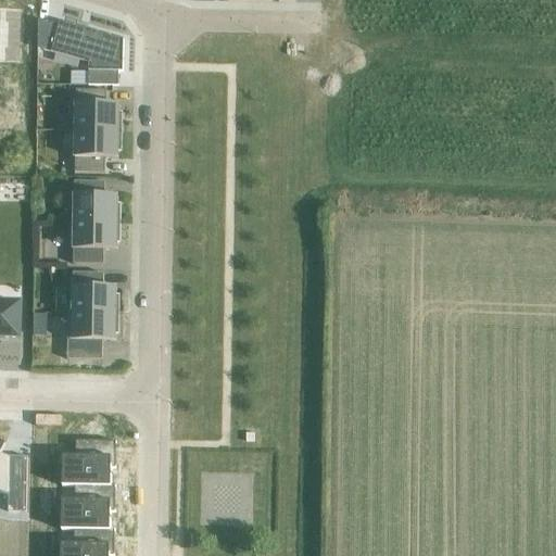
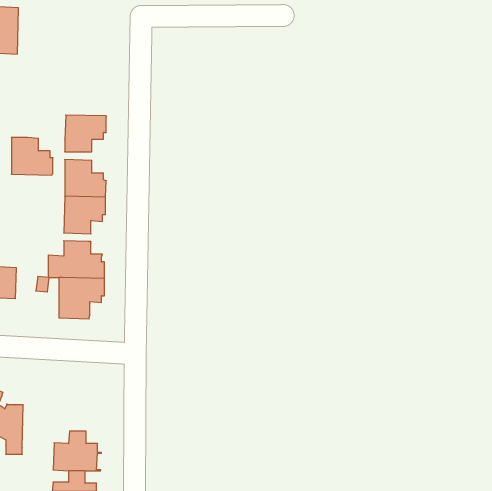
building: [36,17,122,84] -> none
building: [74,88,121,130] -> [11,137,53,175]
building: [61,439,114,485] -> none

